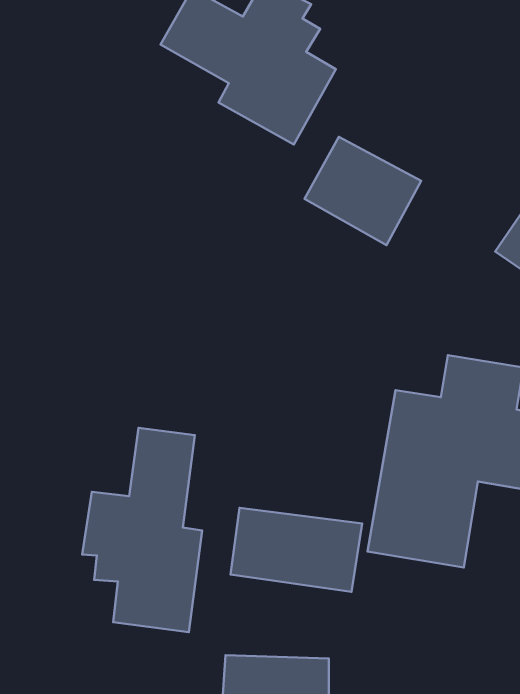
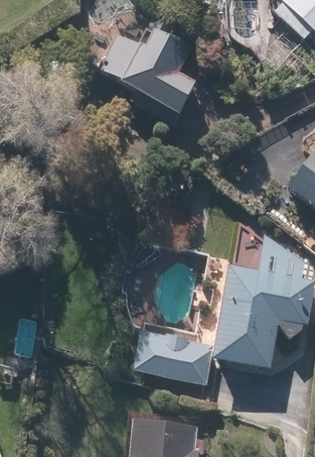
building: [304,137,421,245] -> none
building: [82,428,202,632] -> none

